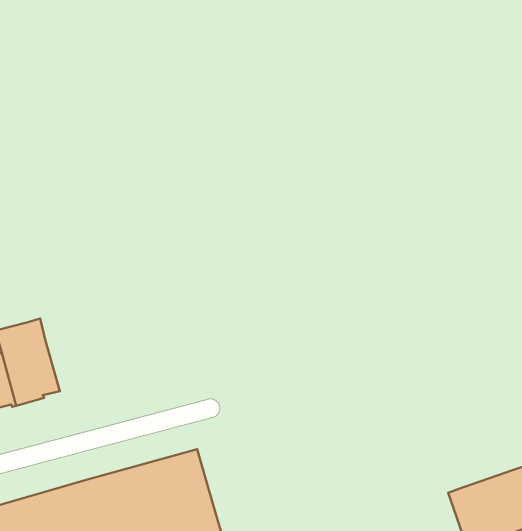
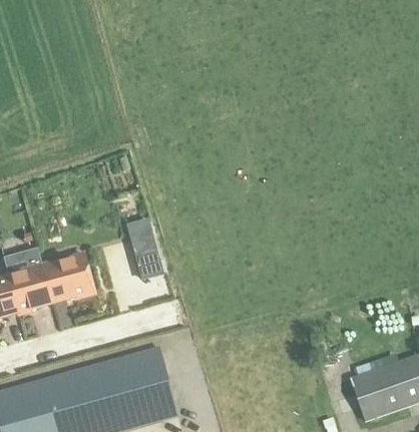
building: none -> [132,231,159,264]
building: none -> [42,253,94,302]

